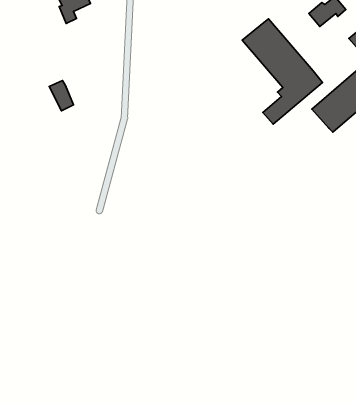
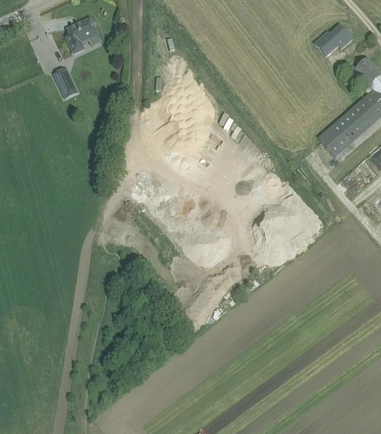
building: [242,19,322,124] -> none
building: [49,81,73,111] -> [53,68,77,98]

